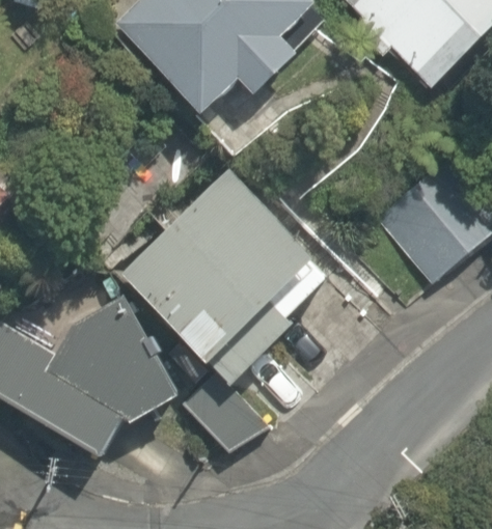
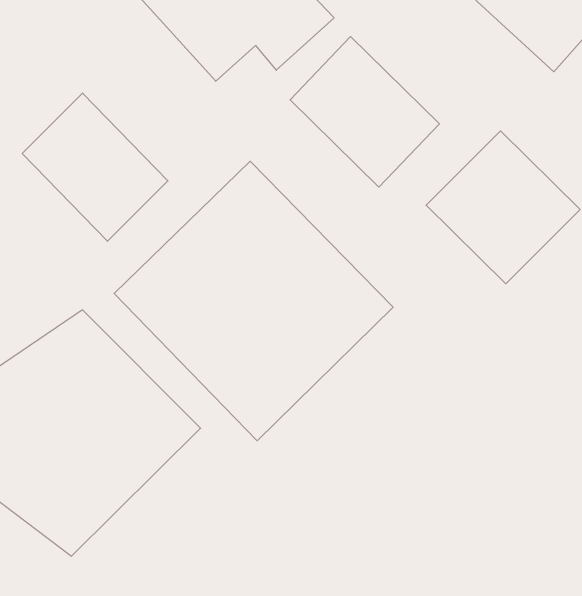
building: none -> [290,37,439,187]
building: none -> [22,93,168,241]

